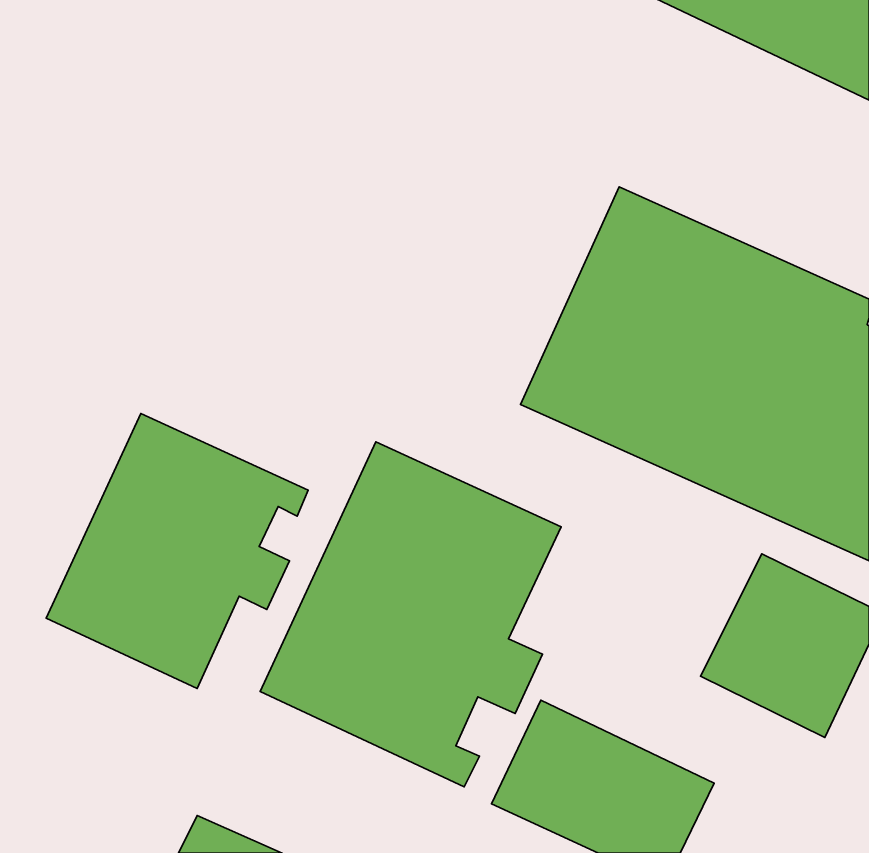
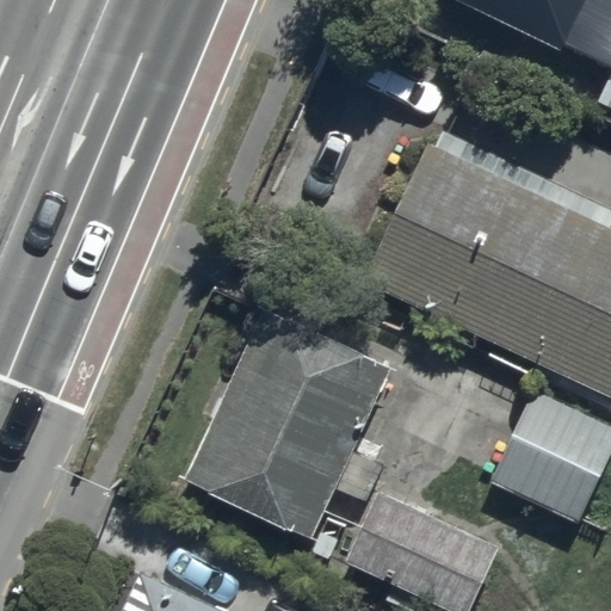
building: [46,414,308,689] -> none

